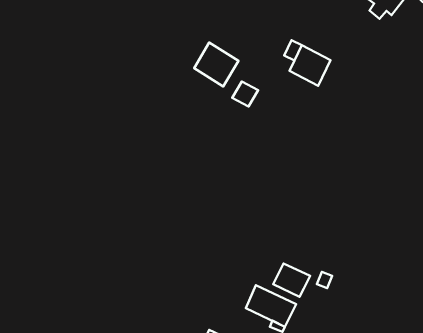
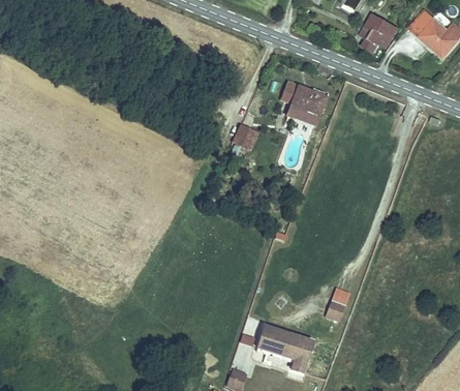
building: [194,43,238,86] -> none
building: [273,263,310,297] -> none

